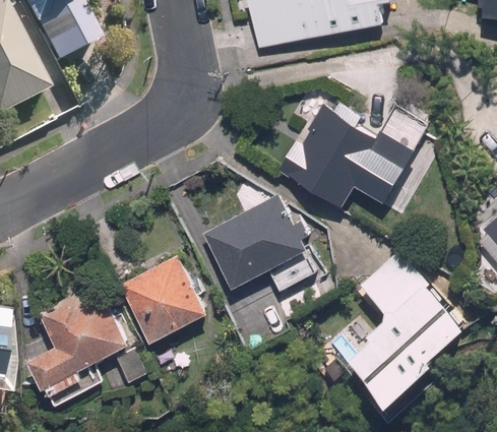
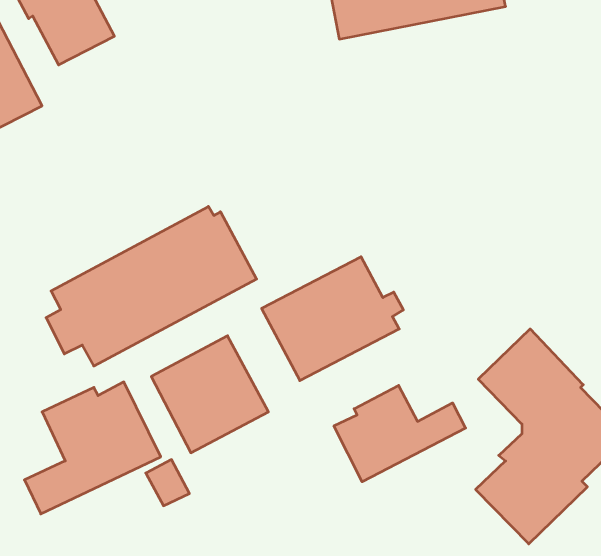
building: [282,107,417,211] -> none
building: none -> [46,206,257,366]
building: none -> [334,385,466,482]

